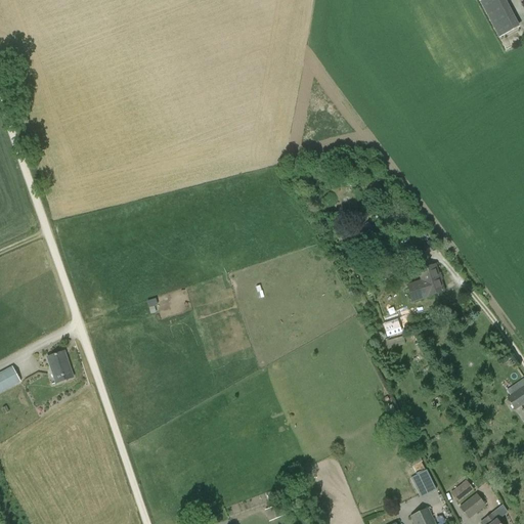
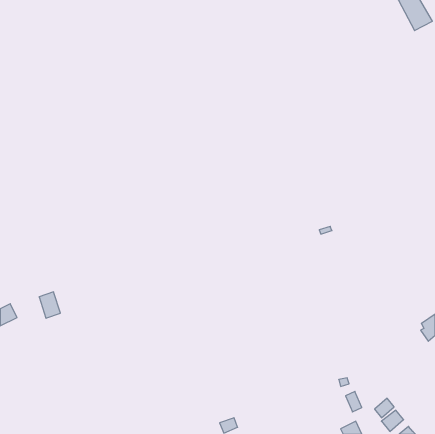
building: [408,265,443,300] -> none

